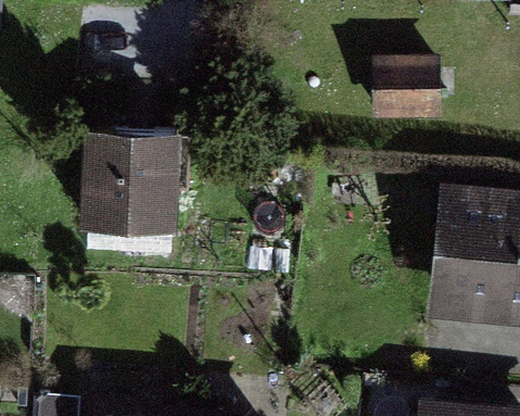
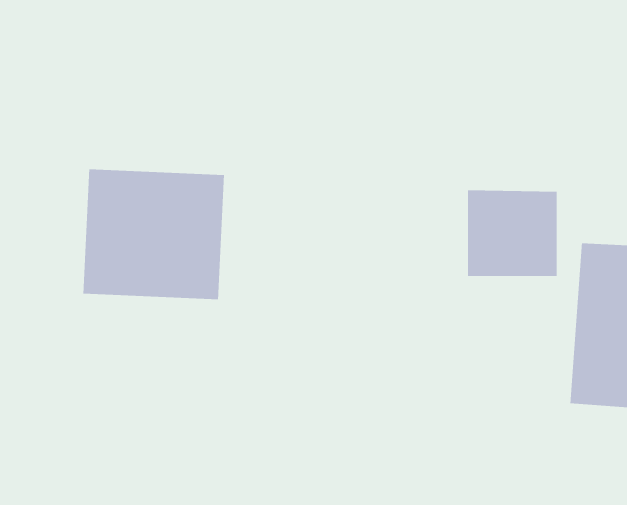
building: [370,54,436,118] -> [467,190,557,277]

